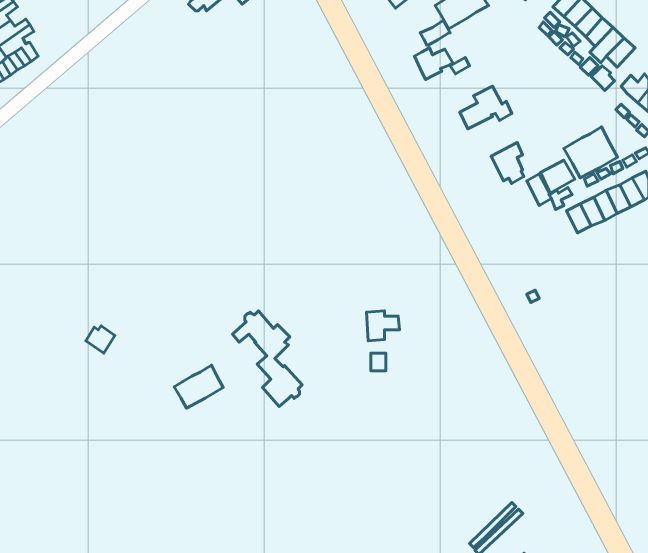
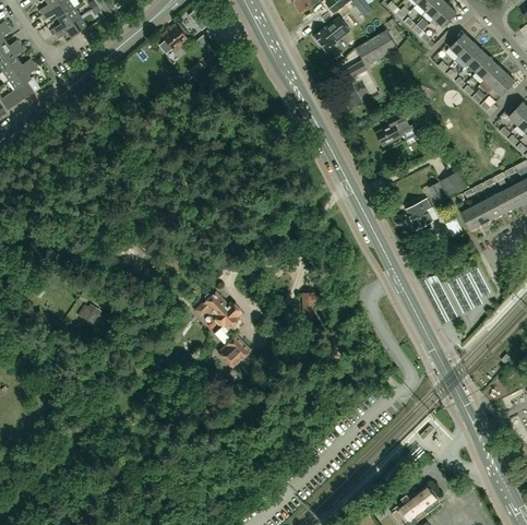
building: [564,127,618,178] -> none
building: [491,142,524,184] -> [406,198,432,230]
building: [174,365,223,408] -> none

